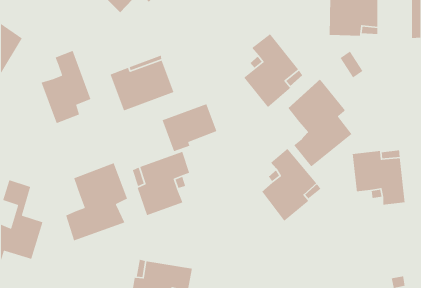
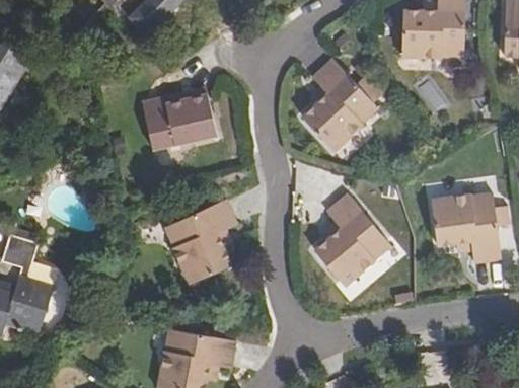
building: [40,50,92,124] -> none
building: [287,79,352,168] -> none
building: [162,103,217,152] -> none
building: [65,162,128,241] -> none

